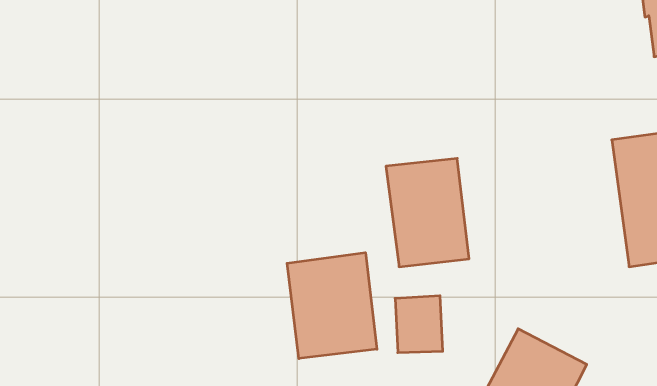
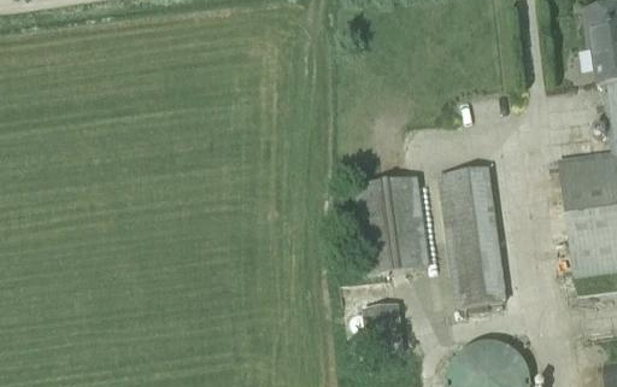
building: none -> [440,168,505,311]
building: [287,253,377,359] -> none

